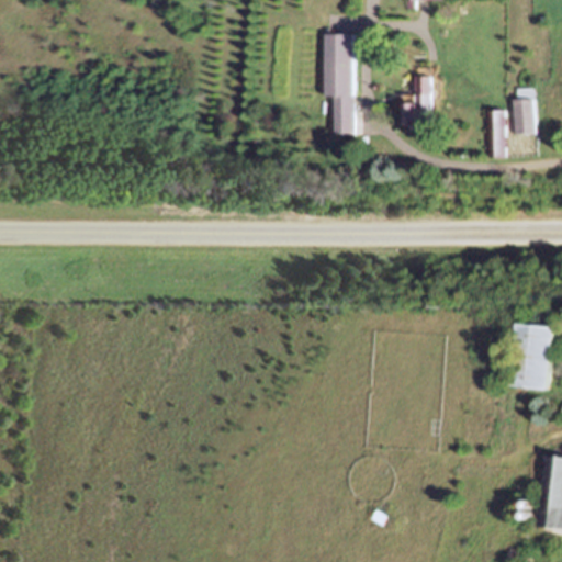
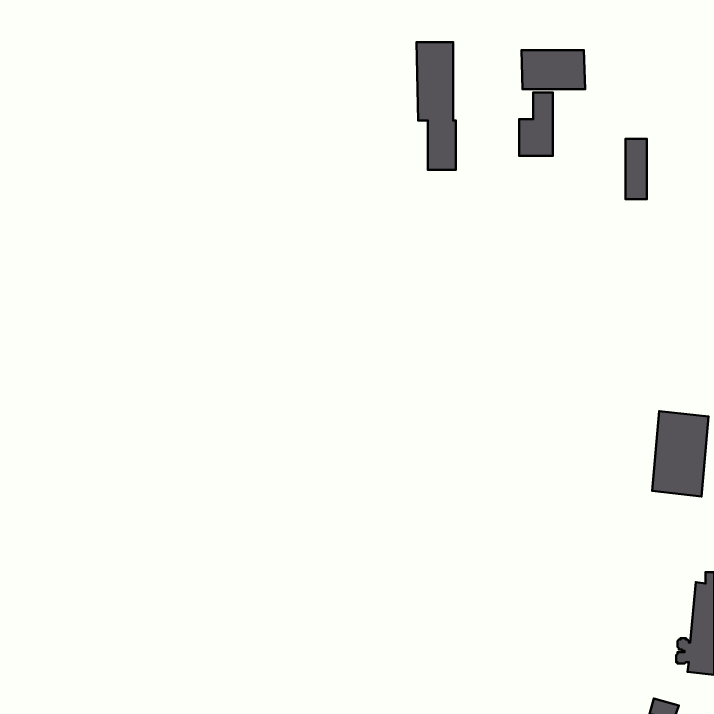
building: none -> [522,50,585,89]
building: [515,89,537,135] -> none

